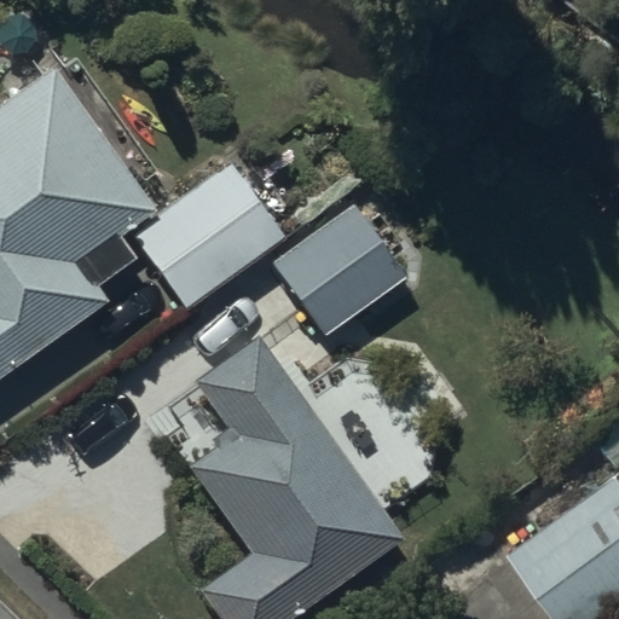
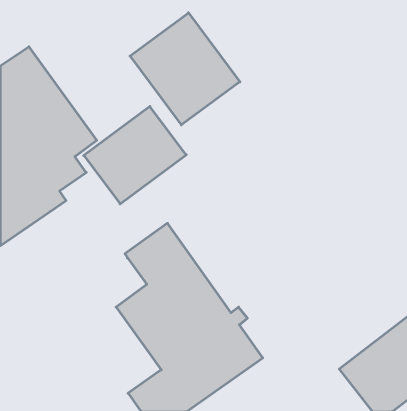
building: none -> [130,13,240,125]
building: [272,201,406,334] -> none

